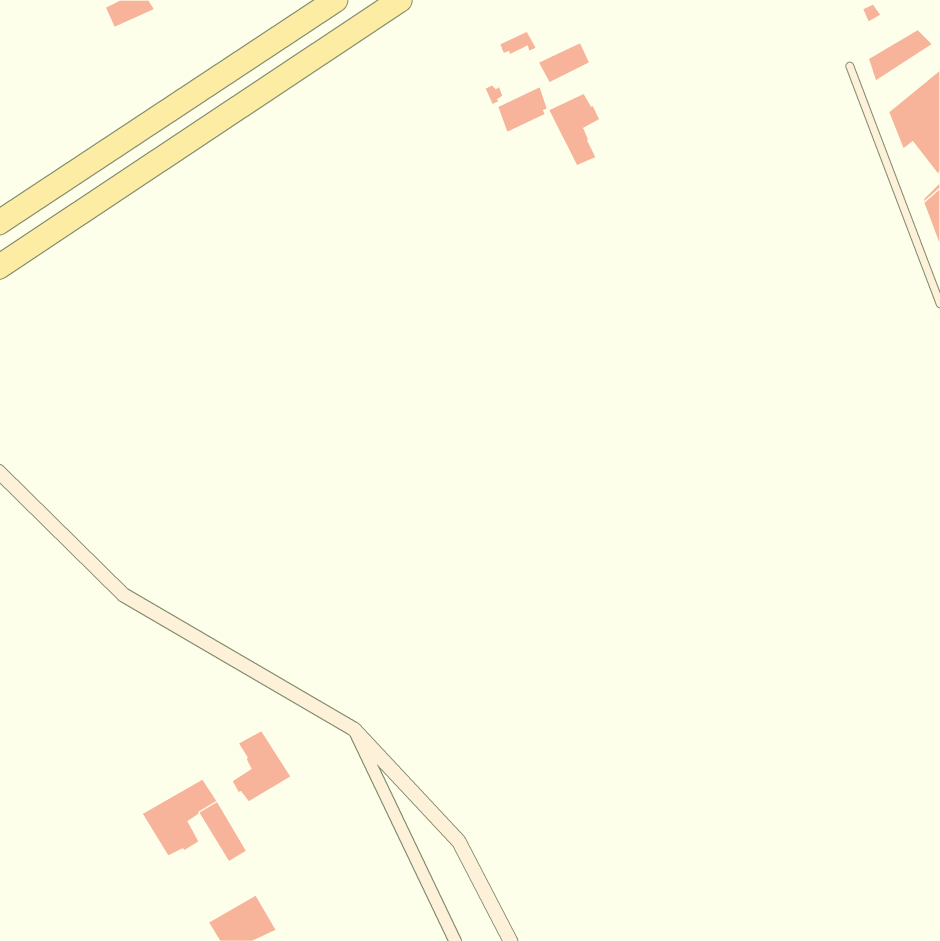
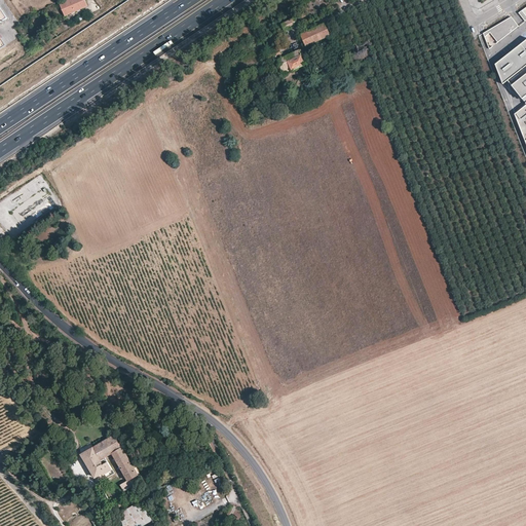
building: [549,93,600,166] -> none
building: [232,730,291,802] -> none

